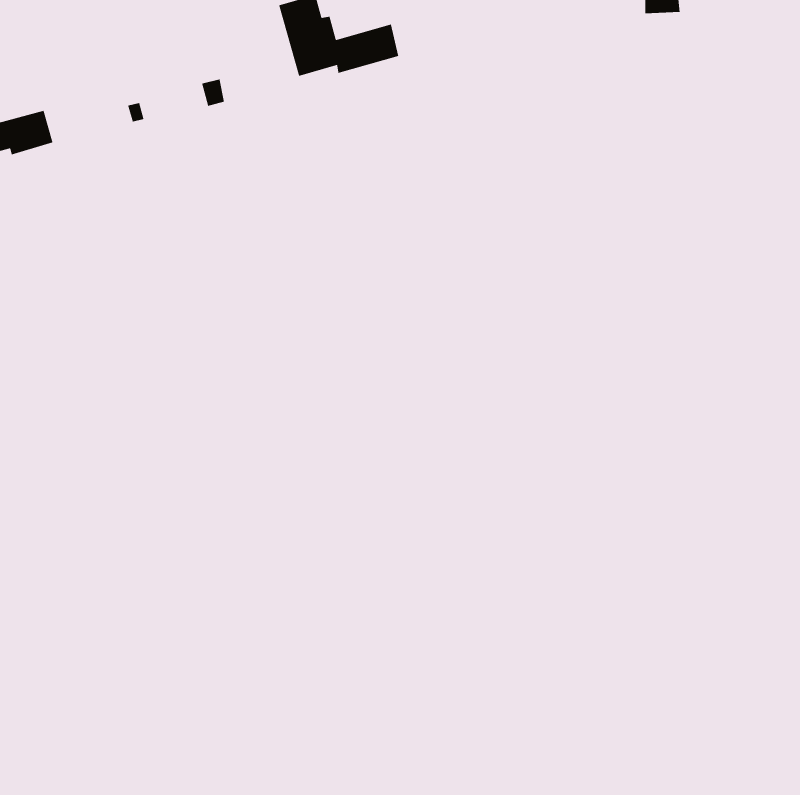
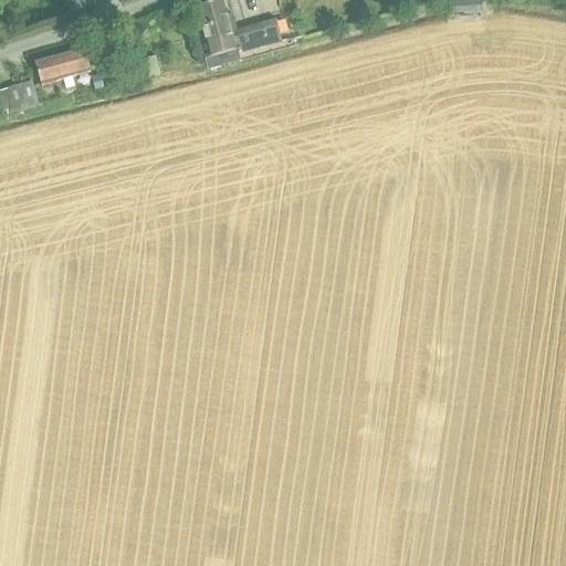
building: none -> [38,46,91,84]

